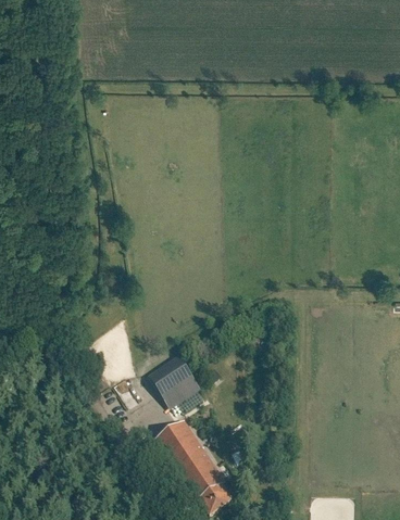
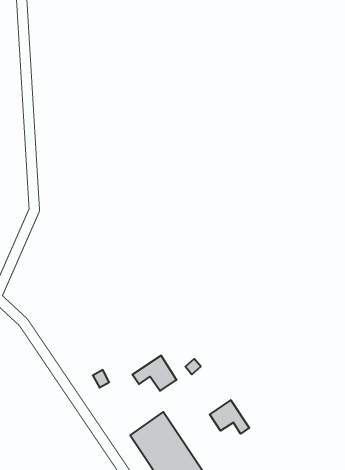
building: none -> [210,400,249,434]

